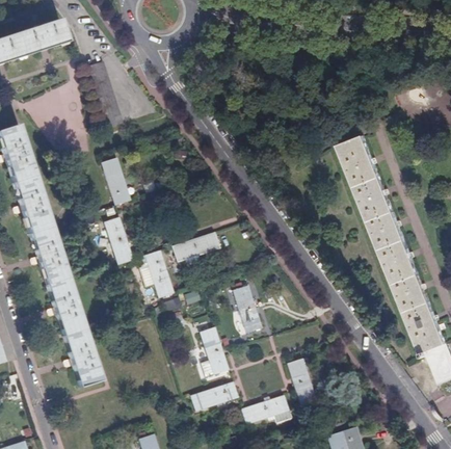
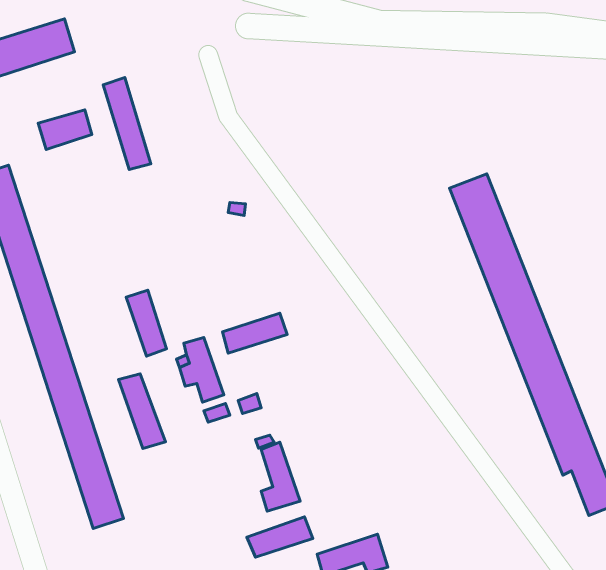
building: none -> [38,110,92,149]
building: [100,159,129,206] -> none
building: none -> [119,374,165,449]
building: [233,286,262,334] -> none
building: [288,358,317,404] -> none

